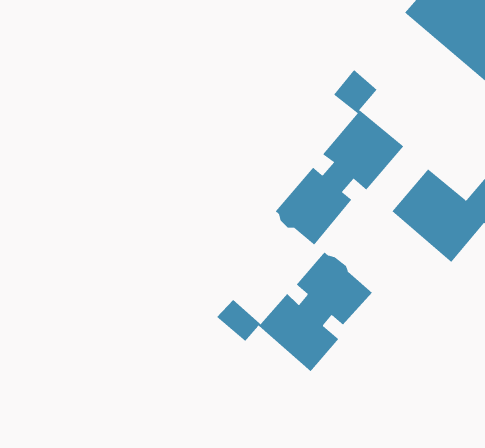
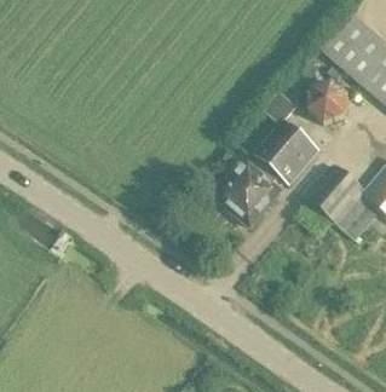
building: none -> [309,80,348,122]
building: [216,251,373,372] -> none

